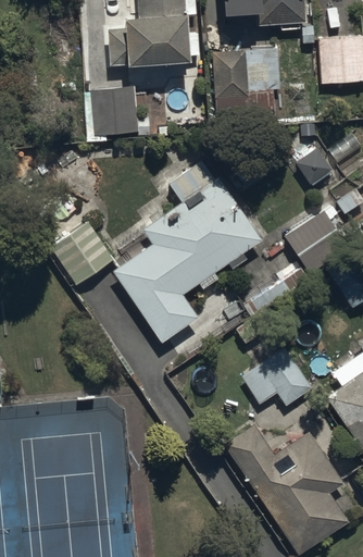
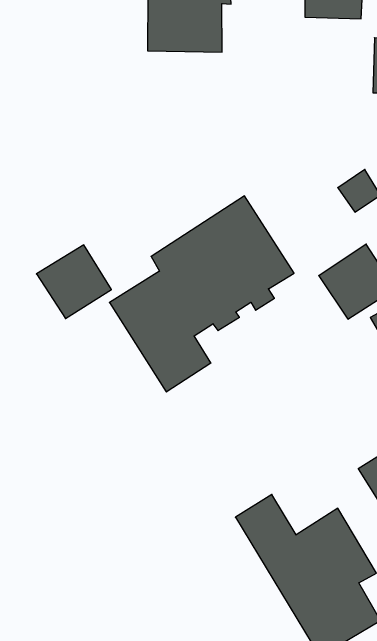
building: [210,50,279,115] -> none
building: [91,91,138,140] -> none
building: [240,347,311,407] -> none

